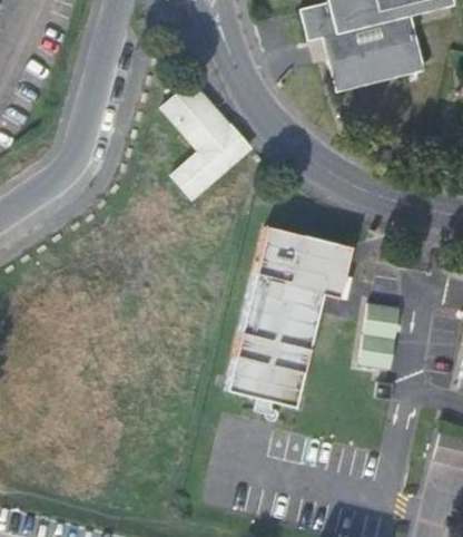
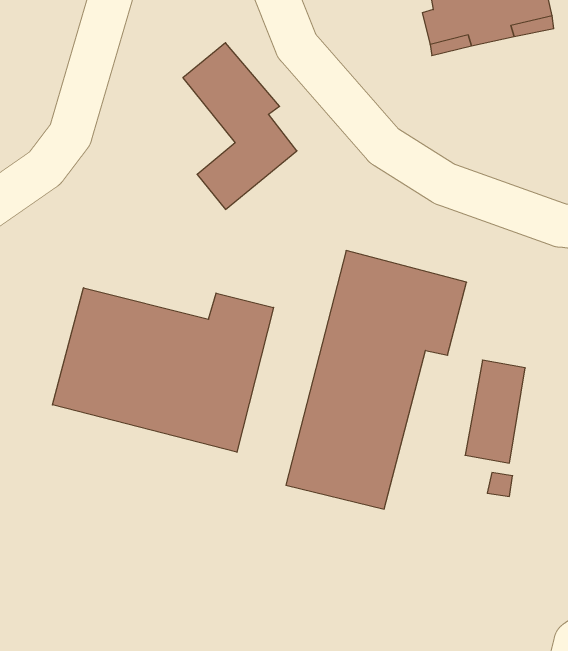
building: none -> [52,288,274,452]

